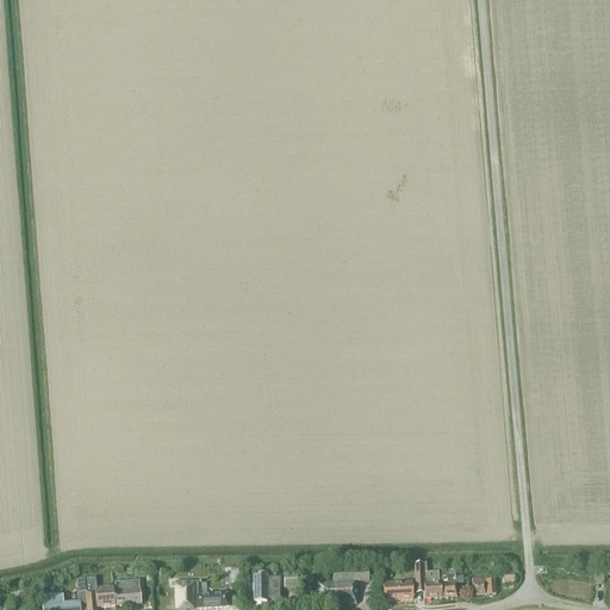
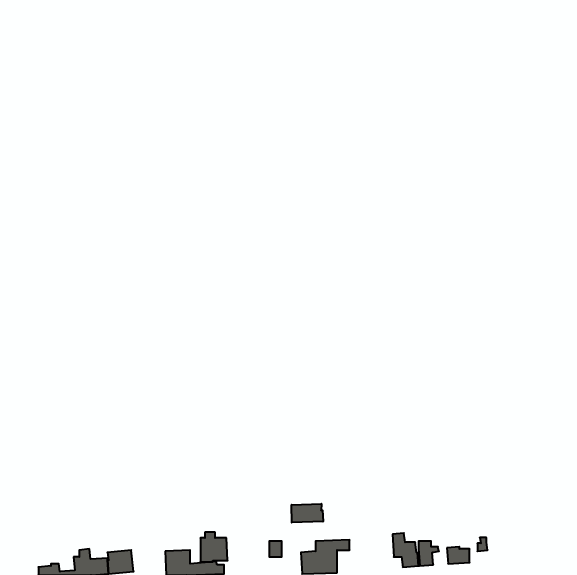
building: none -> [292,504,323,523]
building: [254,569,282,600] -> [200,532,228,562]
building: [384,579,413,599] -> none

